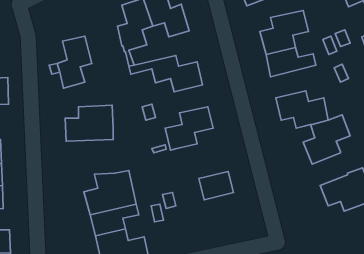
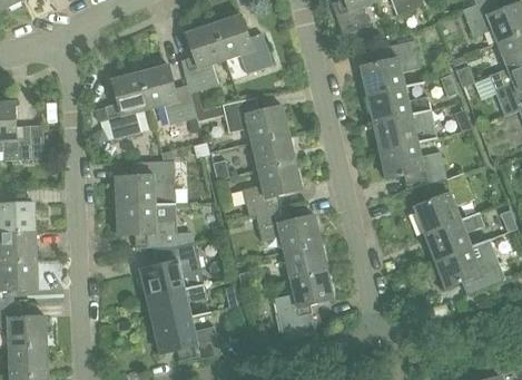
building: none -> [139,65,198,131]
building: none -> [373,109,436,150]
building: none -> [252,134,294,169]
building: none -> [116,203,195,247]
building: none -> [255,206,319,252]
building: none -> [425,211,483,261]
building: none -> [274,270,333,339]

